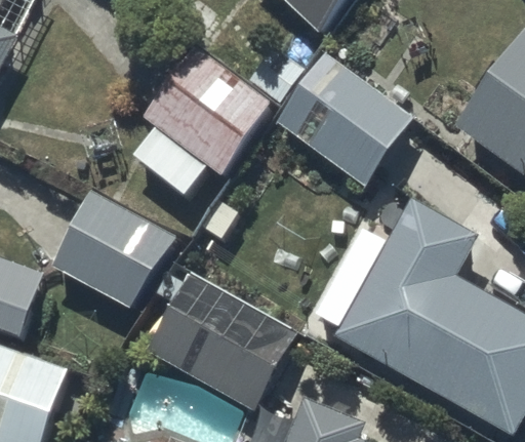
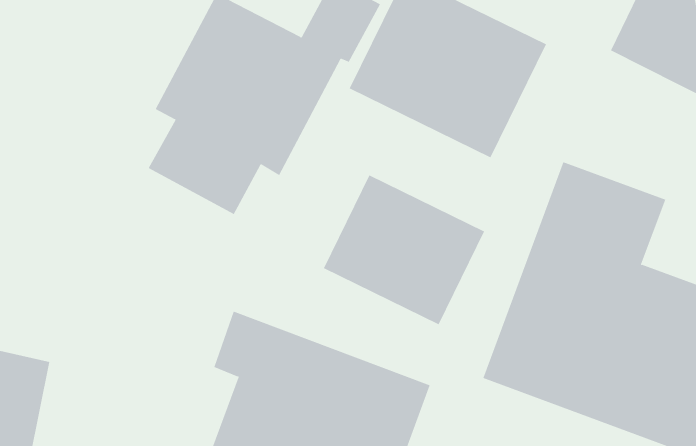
building: none -> [323,175,485,325]
building: [48,190,171,310] -> none

